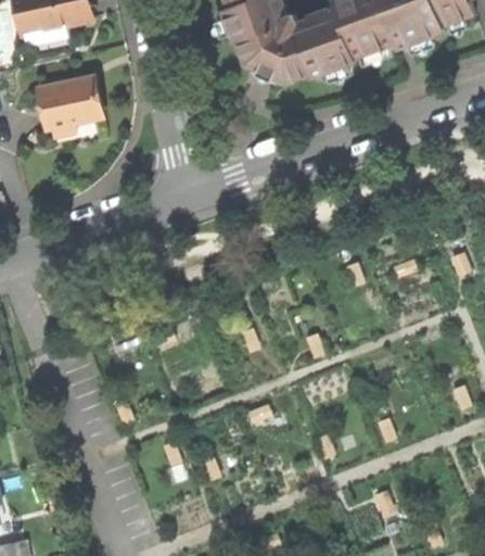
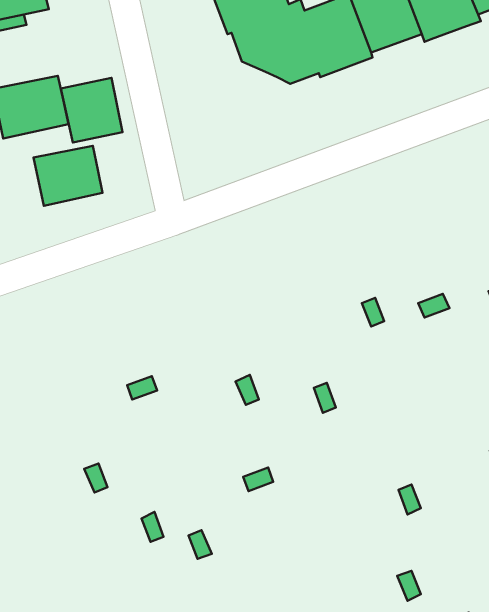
building: none -> [61,78,122,142]
building: none -> [34,146,102,206]

